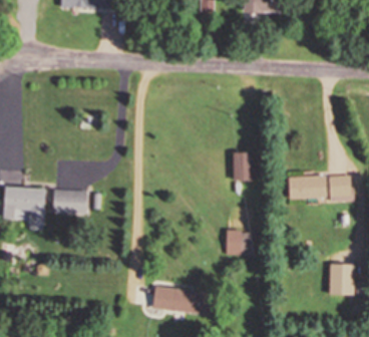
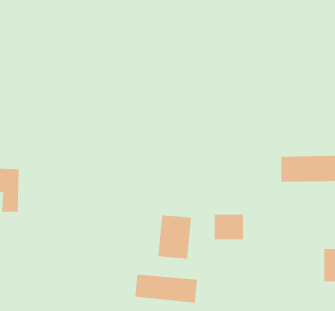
building: [233,151,254,181] -> none
building: [54,191,86,213] -> none
building: none -> [158,214,191,259]

